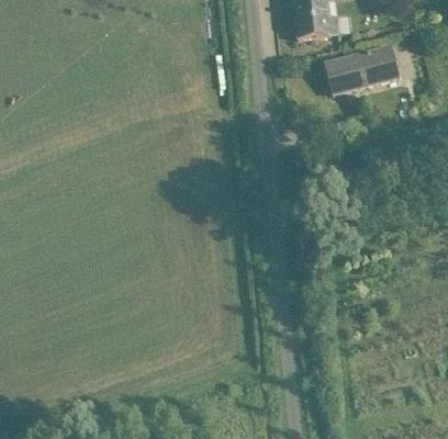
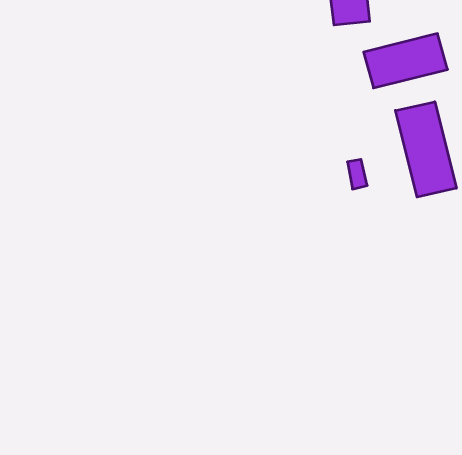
building: none -> [395,102,456,197]

